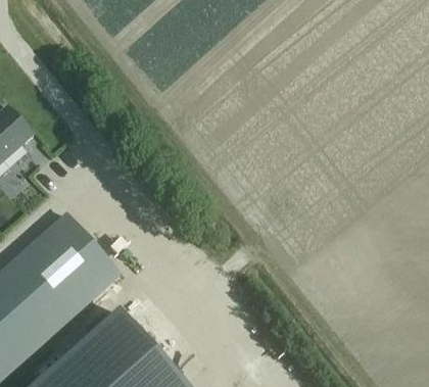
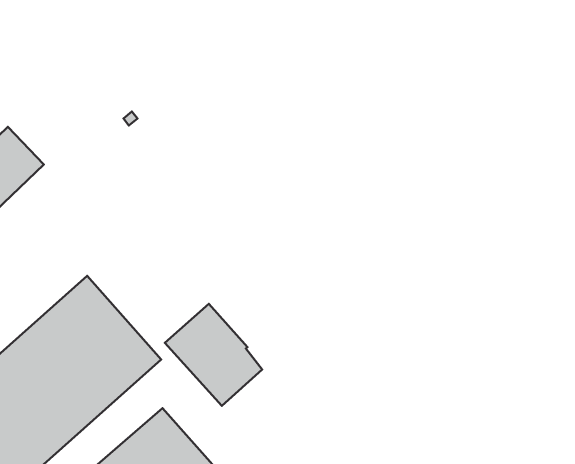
building: none -> [165,304,262,406]

